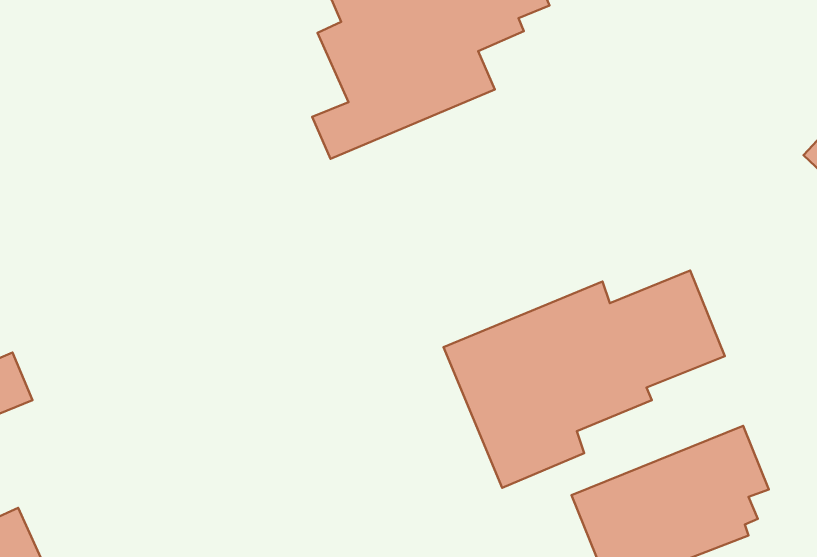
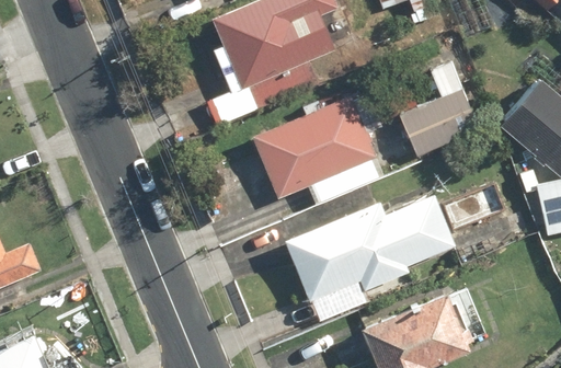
building: none -> [401,60,480,156]
building: none -> [251,97,380,204]

